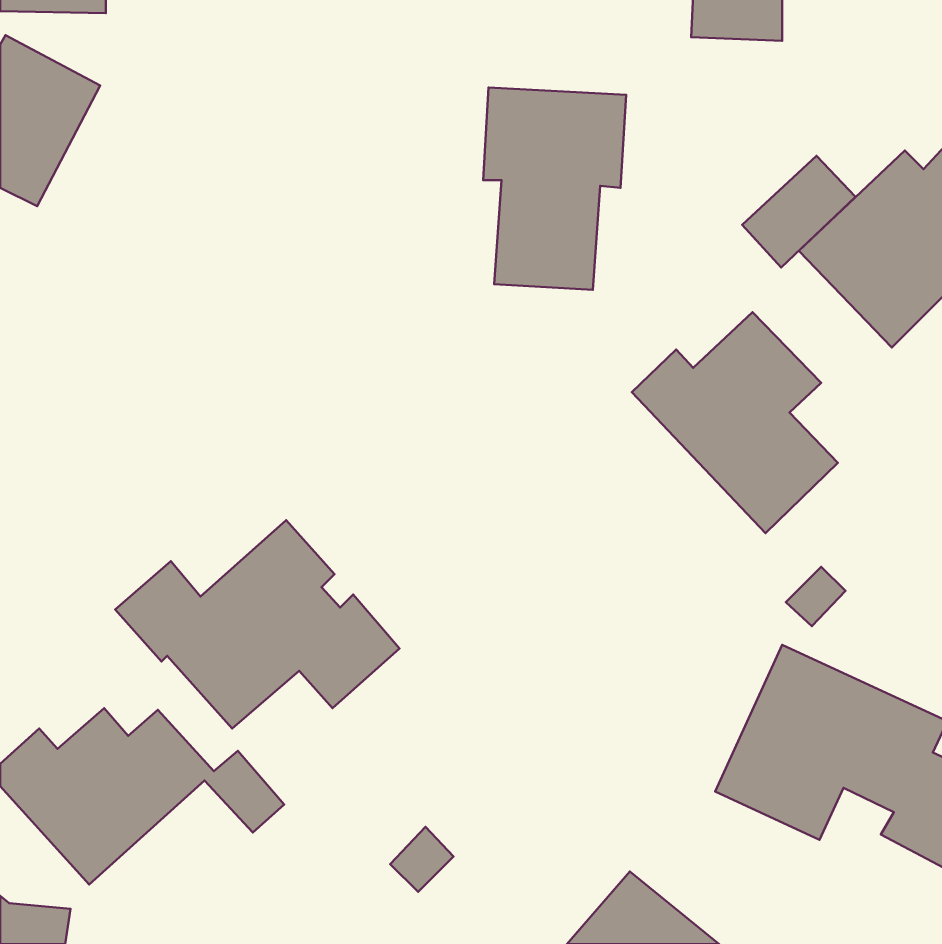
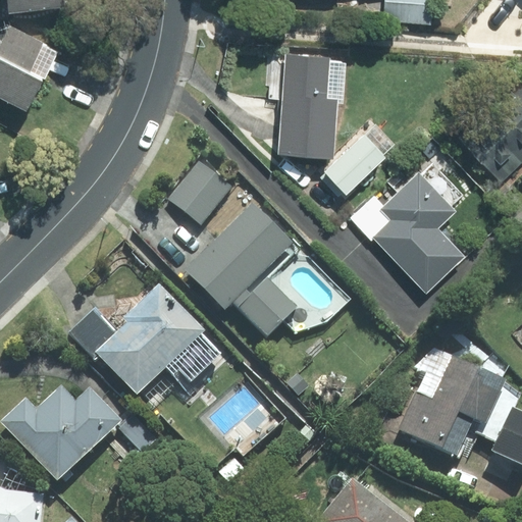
building: [742,156,855,267] -> [320,134,382,195]
building: none -> [167,158,238,228]
building: none -> [190,200,302,333]

